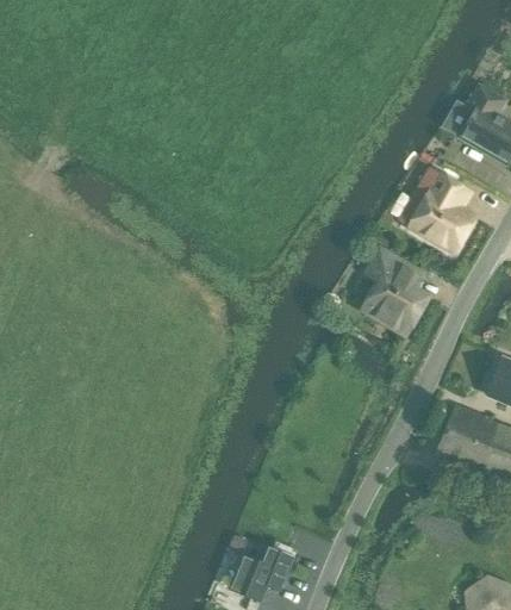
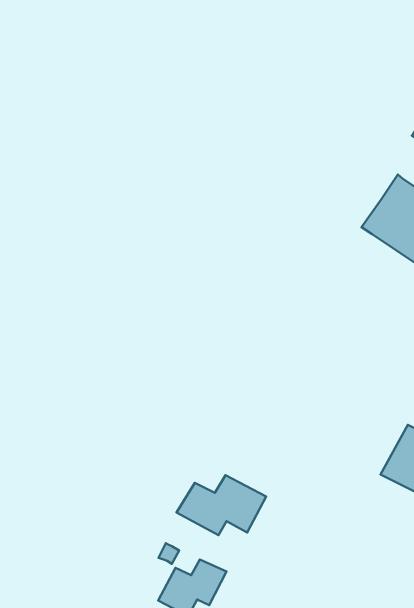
building: [362,249,428,334] -> none
building: none -> [176,475,266,535]

